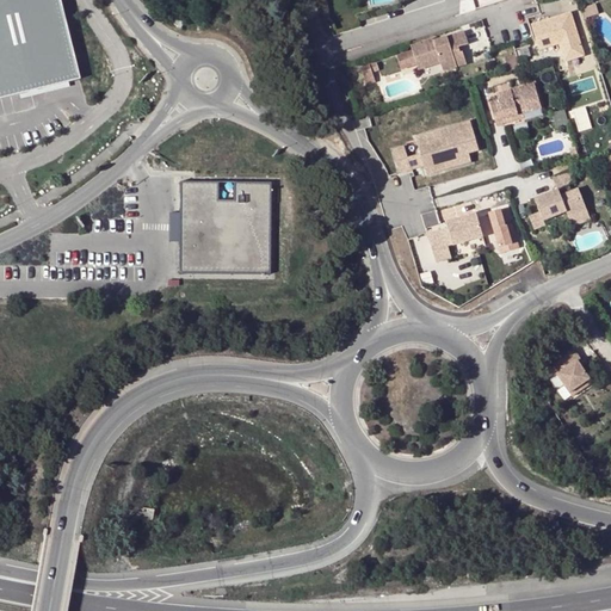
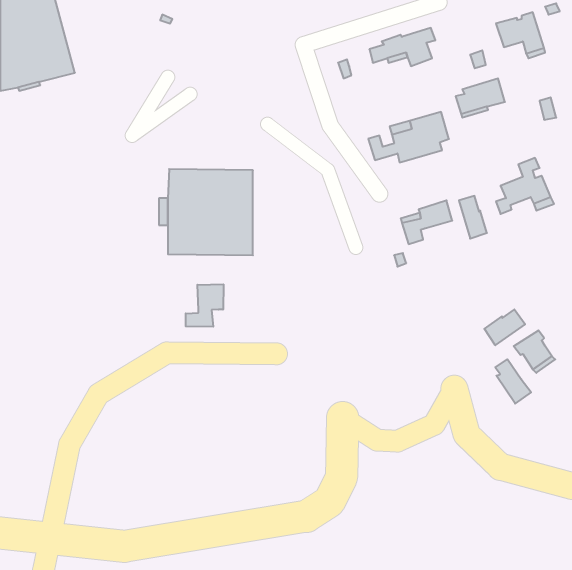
building: none -> [186,284,223,327]
building: none -> [484,309,525,345]
building: none -> [495,359,531,404]

